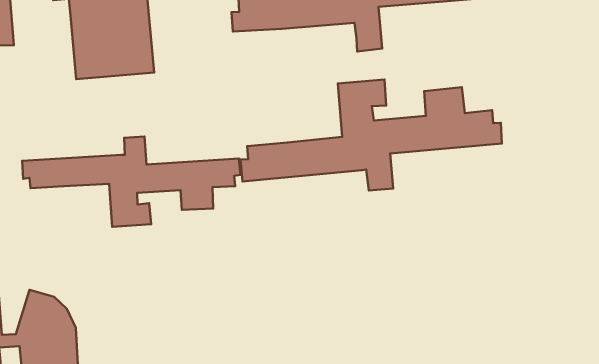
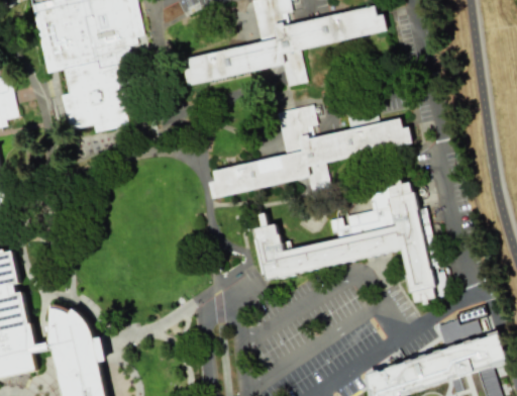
building: [22,136,241,227] -> none
building: none -> [253,181,435,304]

